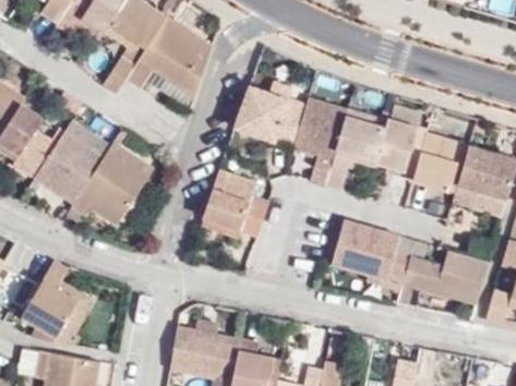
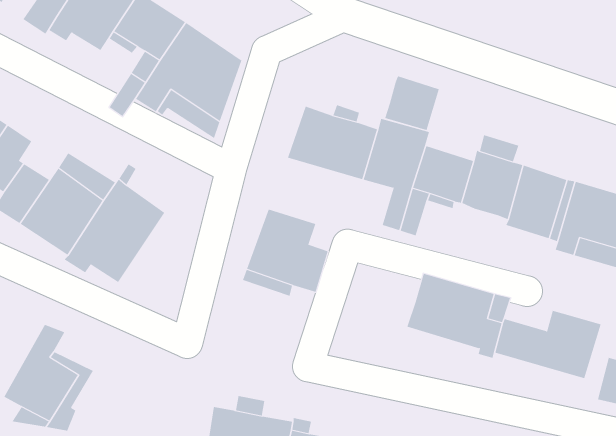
building: none -> [385,75,440,131]

